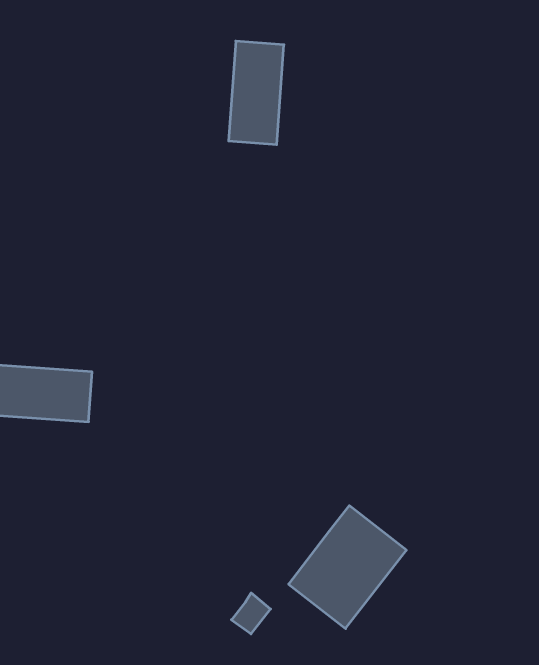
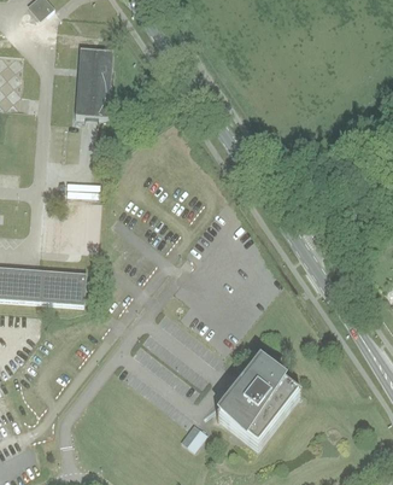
building: [229,41,284,145] -> [74,47,111,117]

